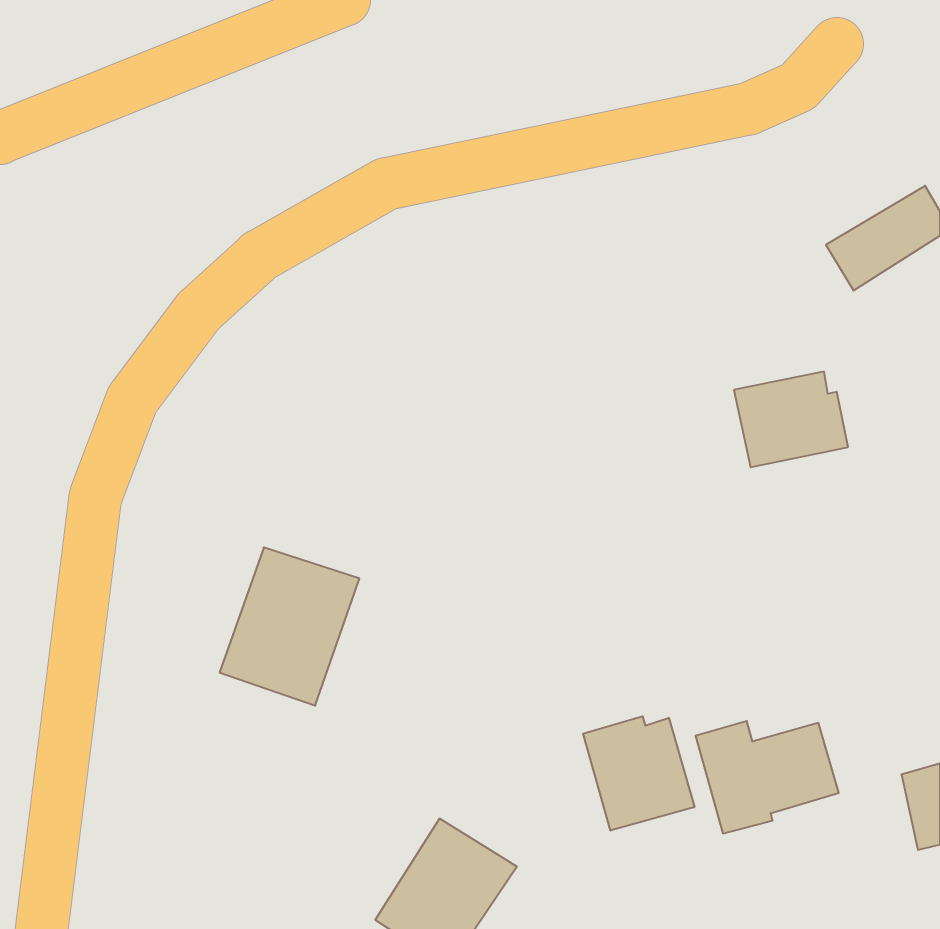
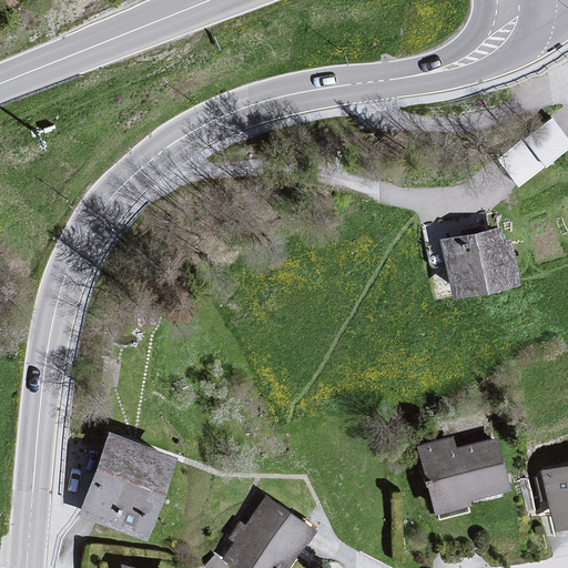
building: [220,547,359,706] -> [83,435,168,530]
building: [583,716,694,831] -> none

